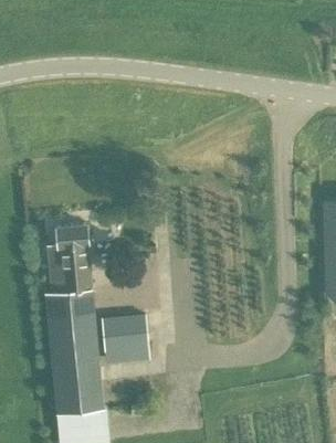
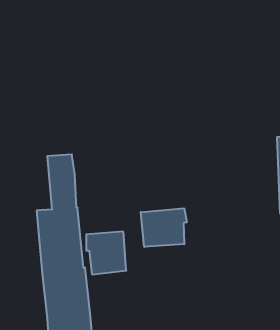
building: none -> [141,208,187,247]

